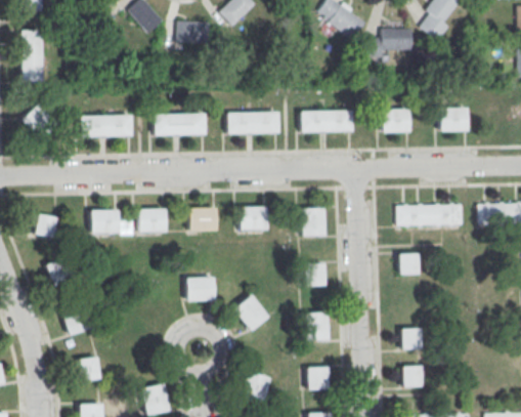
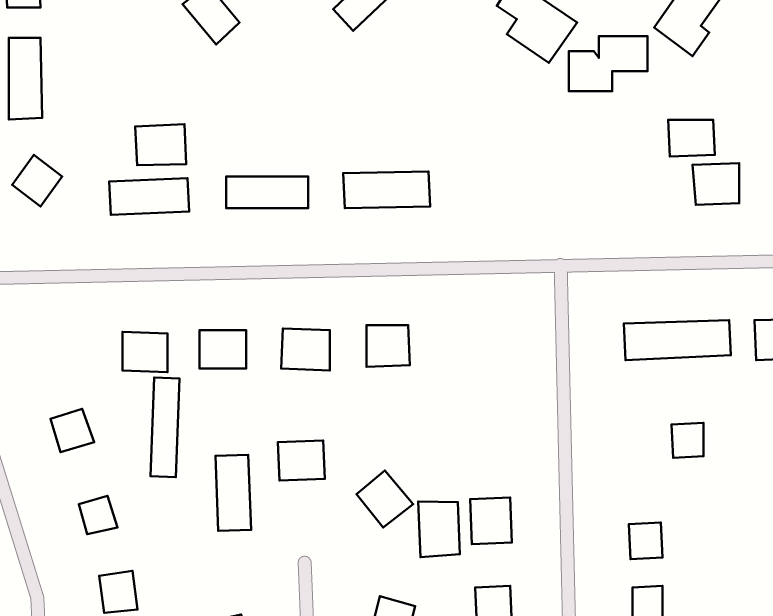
building: [178,20,209,43] -> none
building: none -> [135,124,186,165]
building: [302,111,352,132] -> none
building: [382,111,410,133] -> [668,120,715,157]
building: [302,208,325,235] -> none
building: [36,213,59,237] -> none
building: none -> [150,378,180,477]
building: [399,253,419,275] -> [672,423,703,458]
building: [304,262,325,286] -> none
building: none -> [215,455,251,531]
building: none -> [418,501,460,557]

